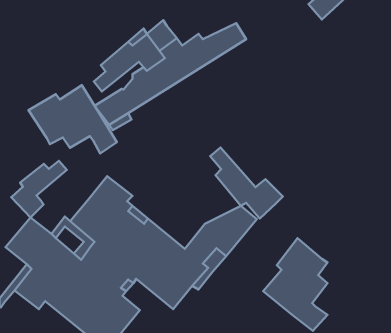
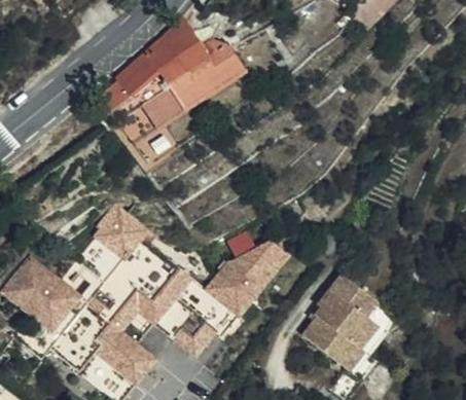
building: [28,85,117,154] -> none
building: [210,148,283,219] -> none
building: [11,161,67,217] -> none

